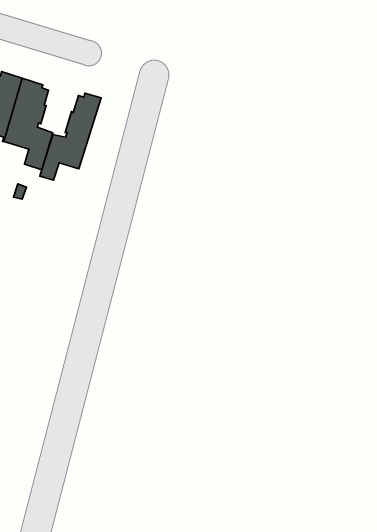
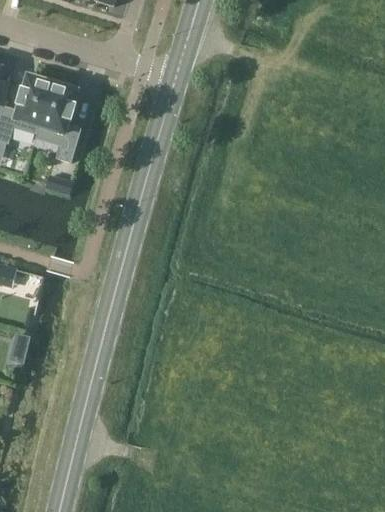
building: [40,93,101,180] -> none

